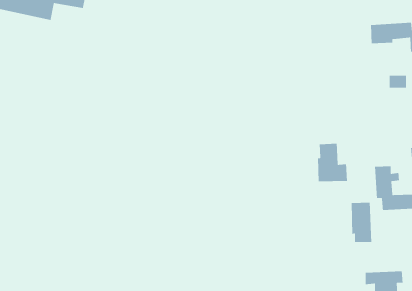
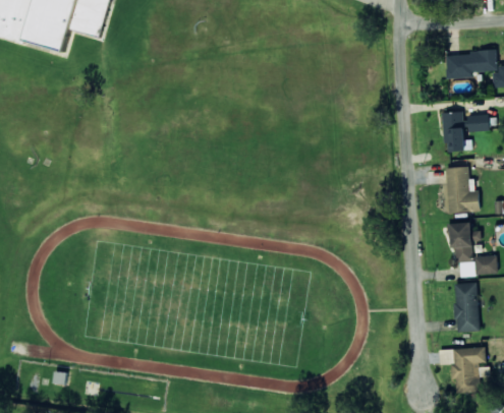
building: none -> [443,111,470,151]
building: [317,143,348,182] -> [443,166,480,213]
building: [351,202,372,243] -> [453,282,479,331]

